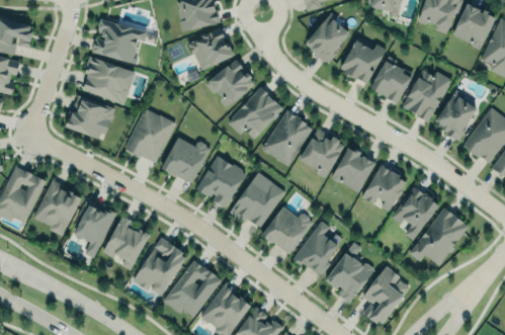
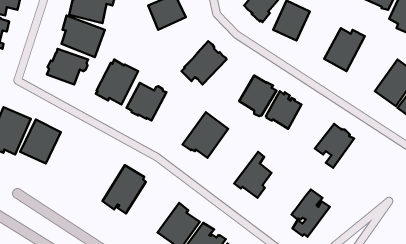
building: [370,57,413,104] -> none
building: [204,60,255,106] -> none
building: [435,89,476,141] -> none
building: [261,109,312,166] -> none
building: [196,155,246,206] -> none
building: [362,166,407,213] -> none
building: [74,200,115,258] -> none
building: [262,206,313,254] -> none
building: [409,208,469,266] -> none
building: [102,216,149,270] -> none
building: [326,244,373,303] -> none
building: [163,260,222,318] -> none

